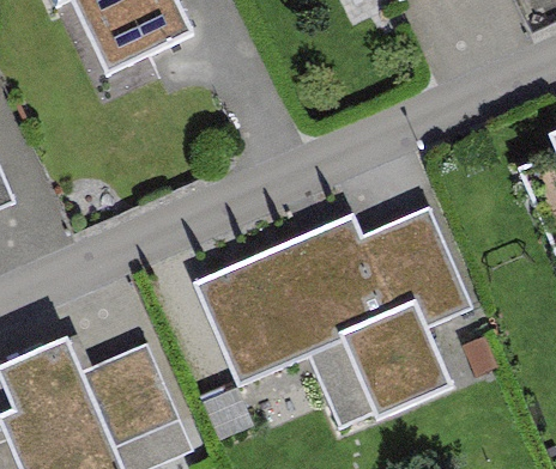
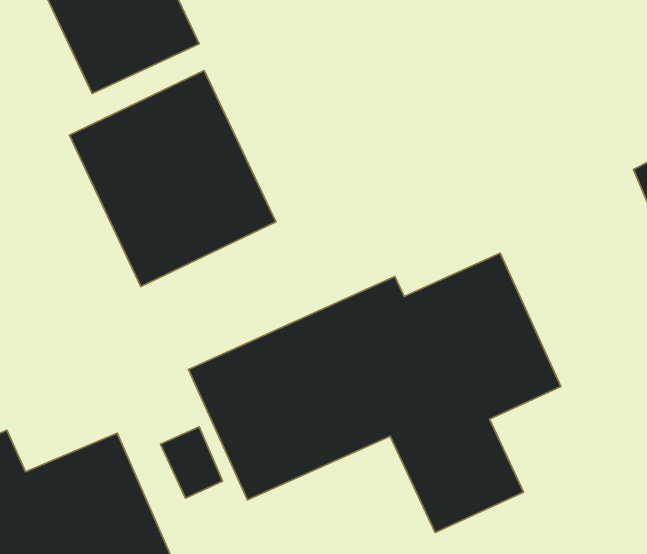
building: none -> [69,71,276,286]

